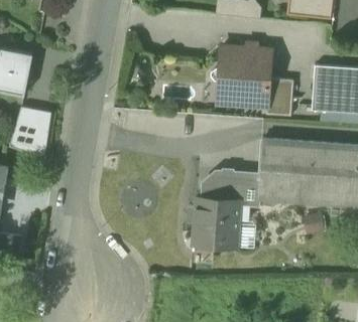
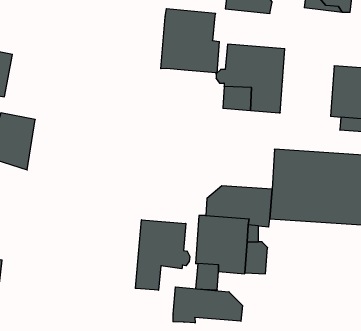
building: none -> [161,9,219,73]
building: [265,78,293,116] -> none
building: none -> [135,220,190,290]
building: none -> [173,287,242,323]

